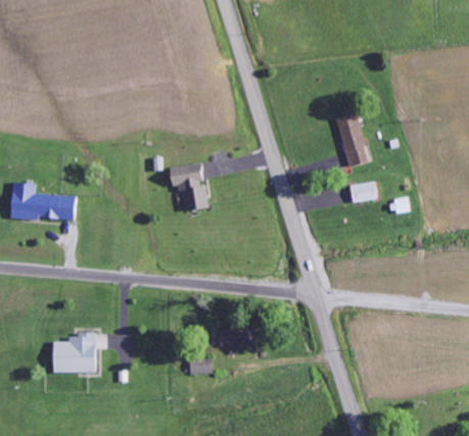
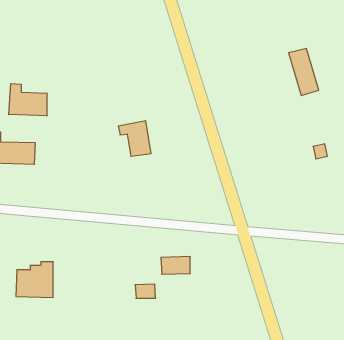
building: [335,112,370,166] -> [289,48,319,95]
building: none -> [9,84,47,116]
building: [349,182,377,202] -> none

